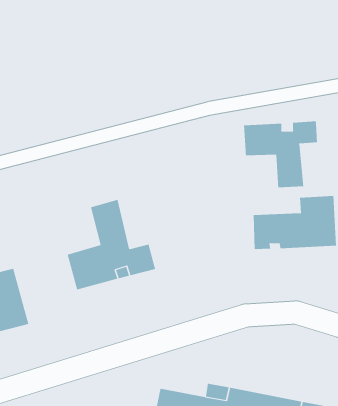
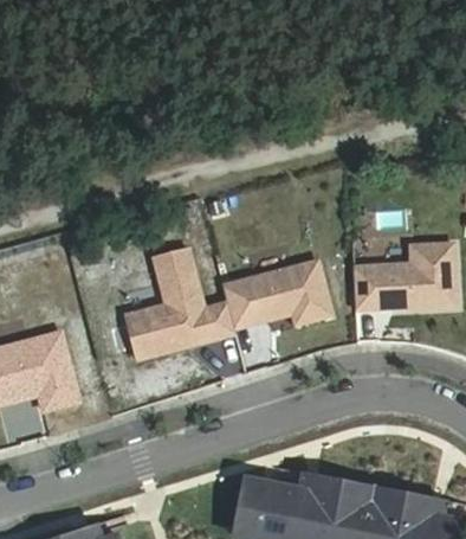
building: [244,121,317,188] -> none
building: none -> [224,262,332,329]

